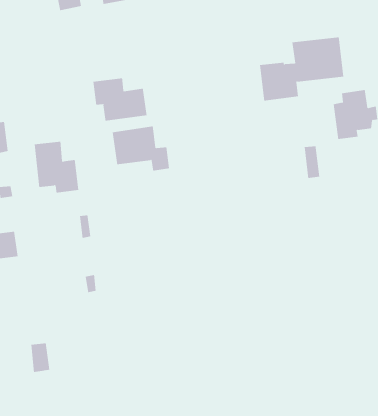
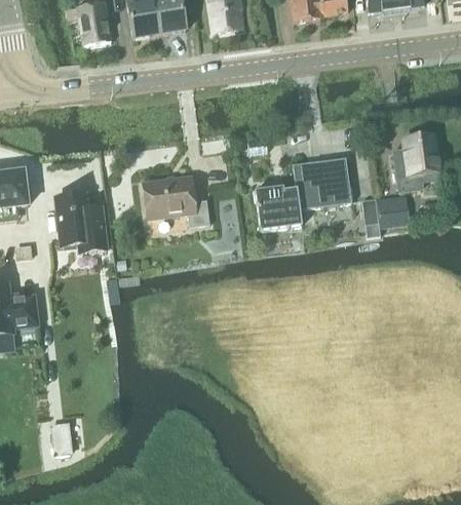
building: [259,37,344,101] -> [256,157,352,230]
building: [93,78,147,122] -> none
building: none -> [379,194,411,225]

